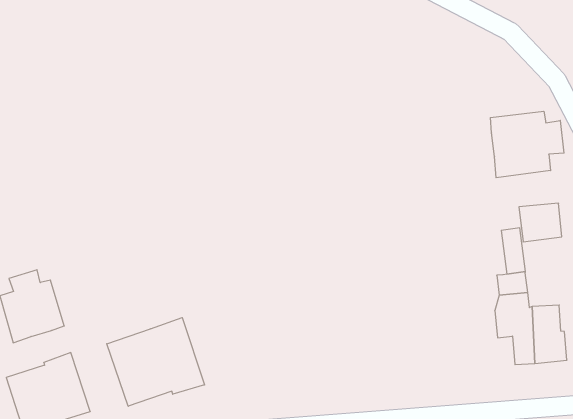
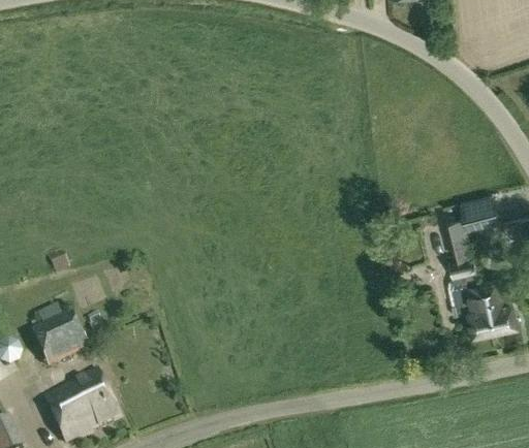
building: [490,111,564,178] -> none
building: [107,318,205,406] -> none

